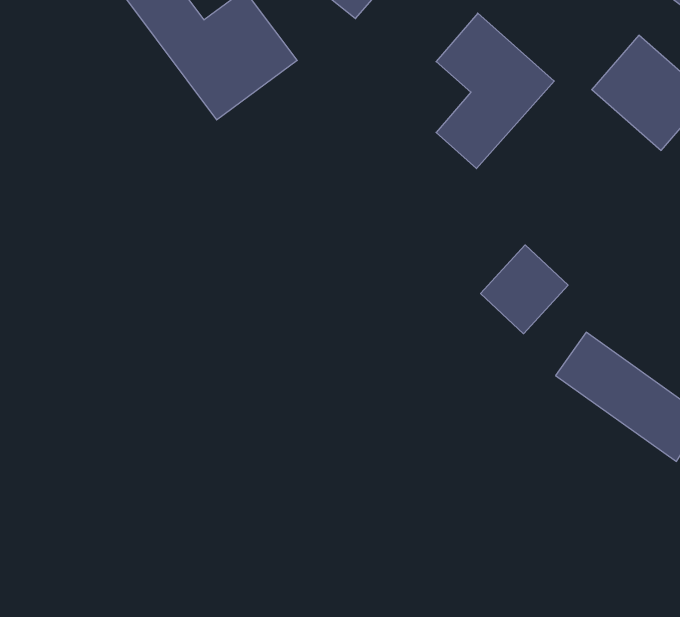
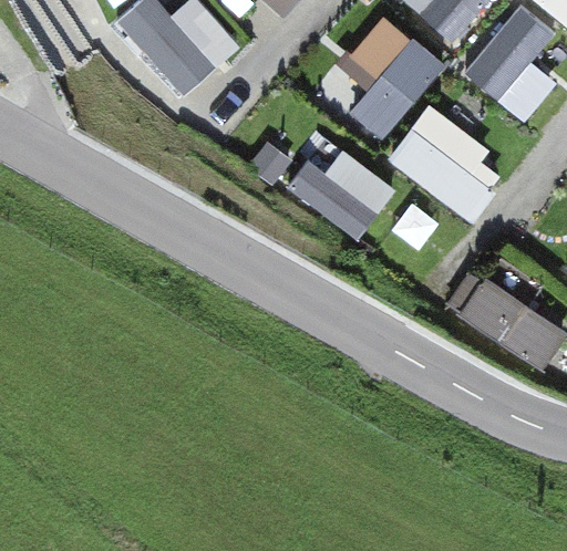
building: none -> [388,110,507,220]
building: none -> [281,129,394,239]

